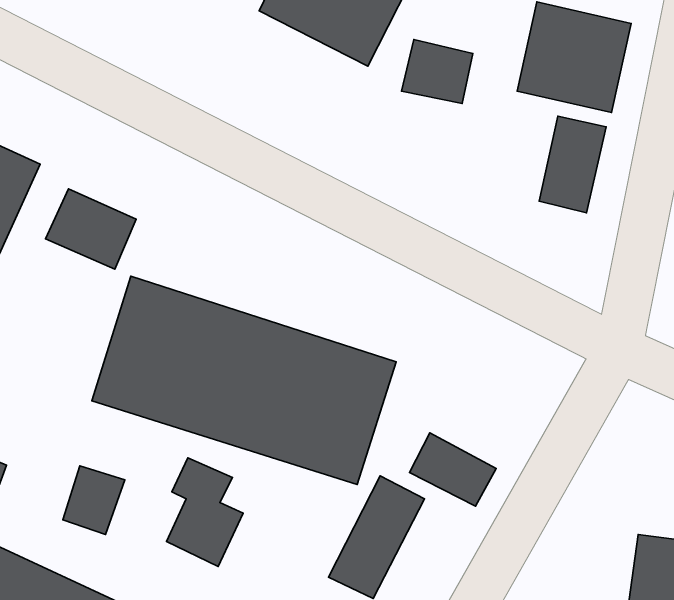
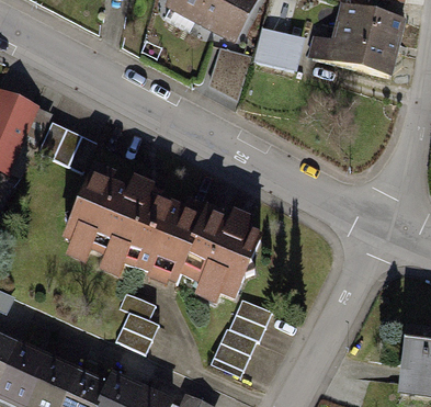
building: [539,116,606,213] -> none
building: [410,433,496,506] -> none
building: [63,466,125,534] -> none

